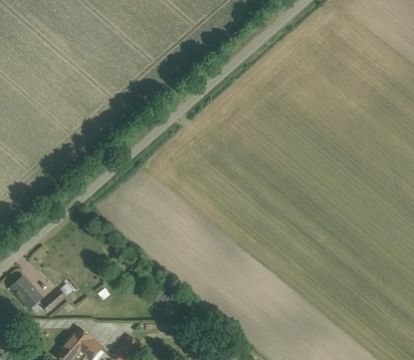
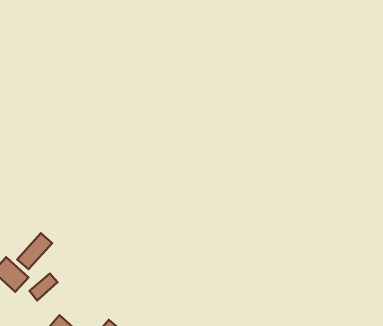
building: none -> [17,233,52,269]

